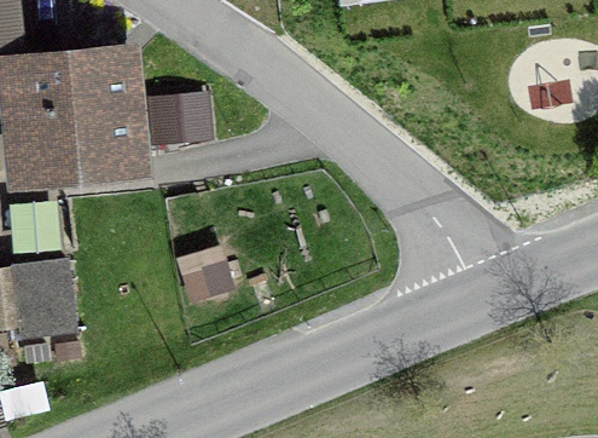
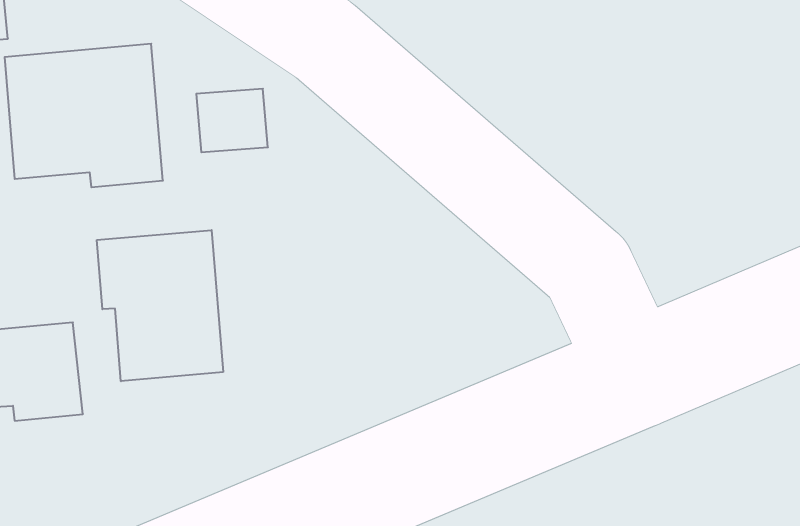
building: none -> [97,230,223,381]

